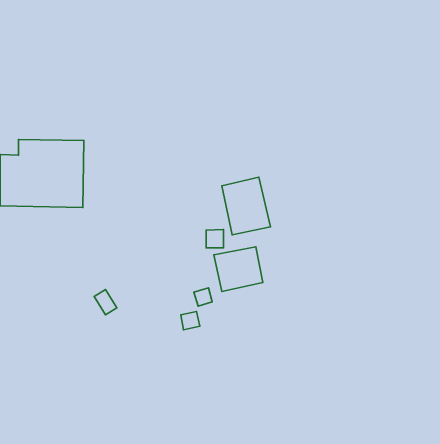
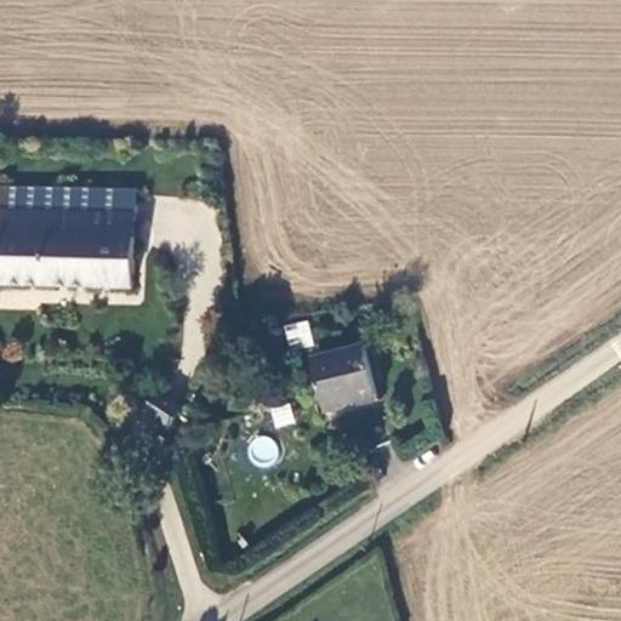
building: [222,177,270,235] -> none

